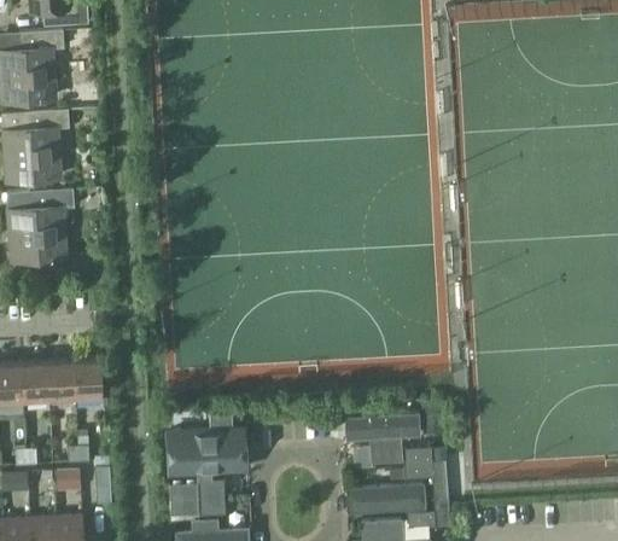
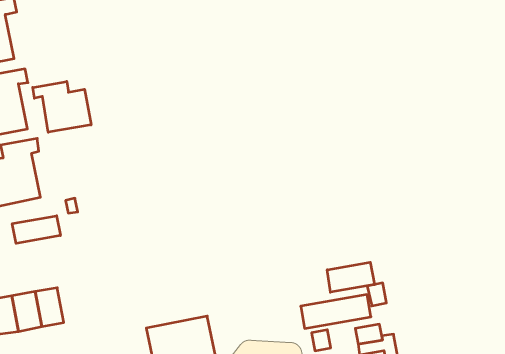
building: none -> [33,81,91,132]
building: none -> [12,216,60,243]
building: [74,361,103,402] -> none
building: none -> [327,262,375,292]

